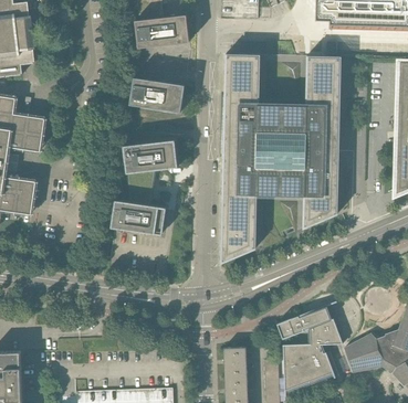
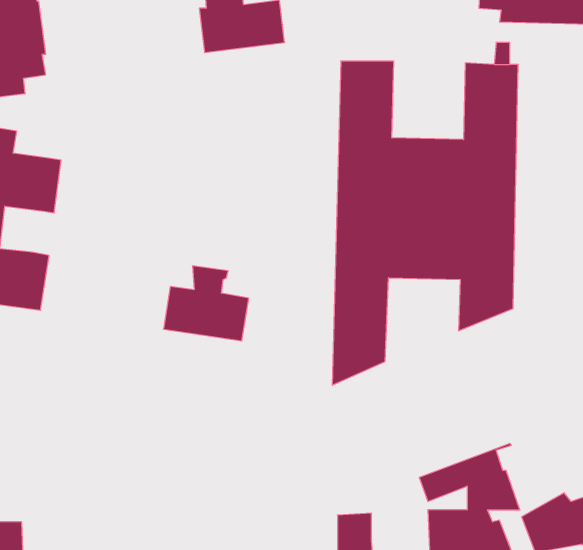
building: [129,77,185,113] -> none
building: [123,140,177,190] -> none

